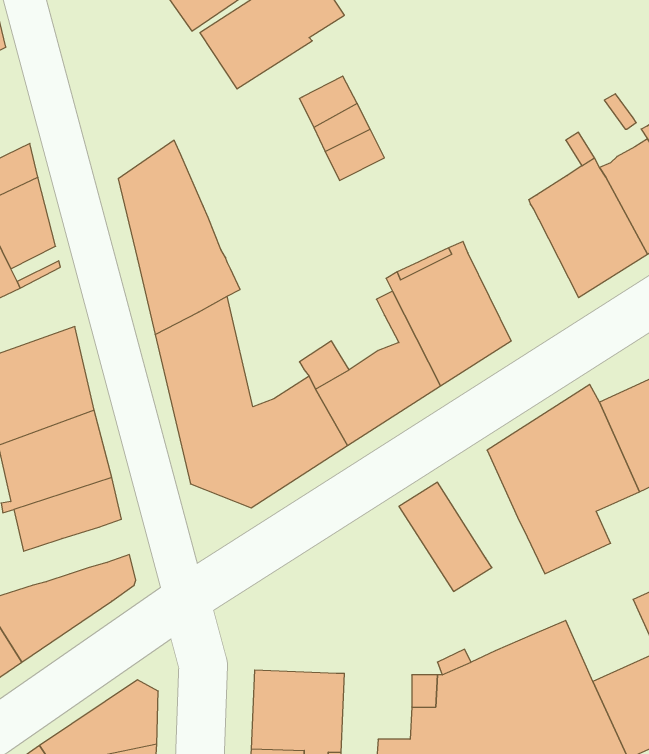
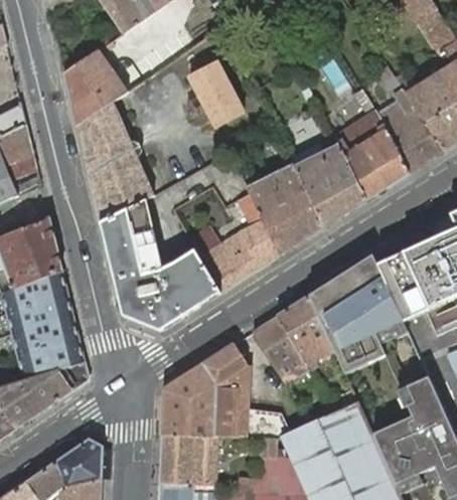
building: none -> [63,49,127,125]
building: none -> [289,141,365,226]
building: none -> [277,295,333,362]
building: none -> [17,338,84,379]
building: none -> [162,342,248,436]

